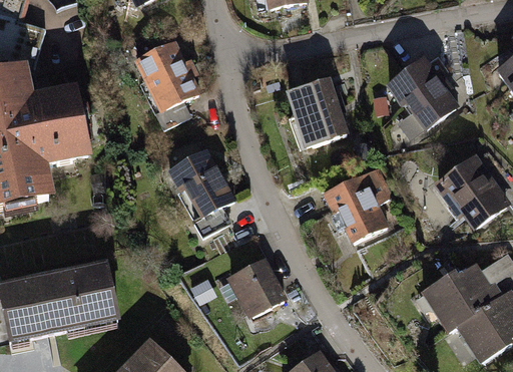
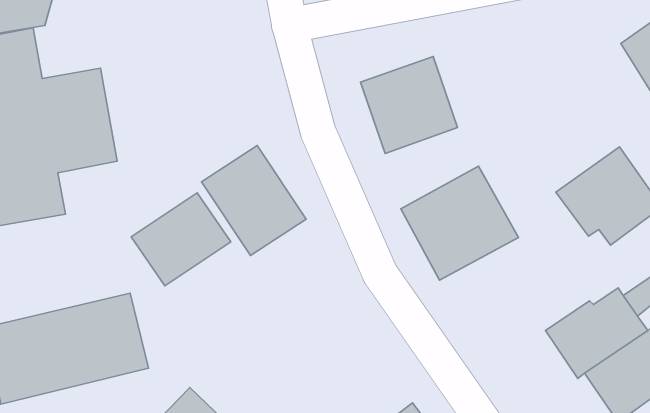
building: [129,42,203,121] -> none
building: [377,59,457,137] -> none
building: none -> [131,193,231,286]
building: [215,257,283,325] -> none

